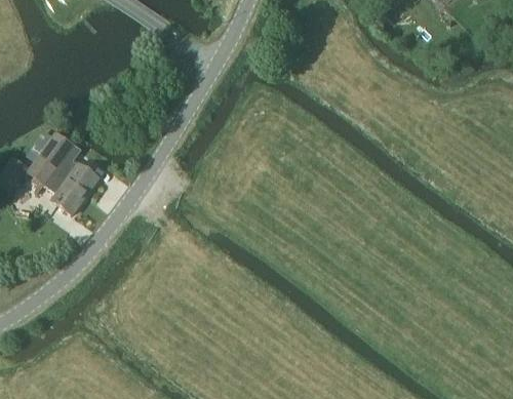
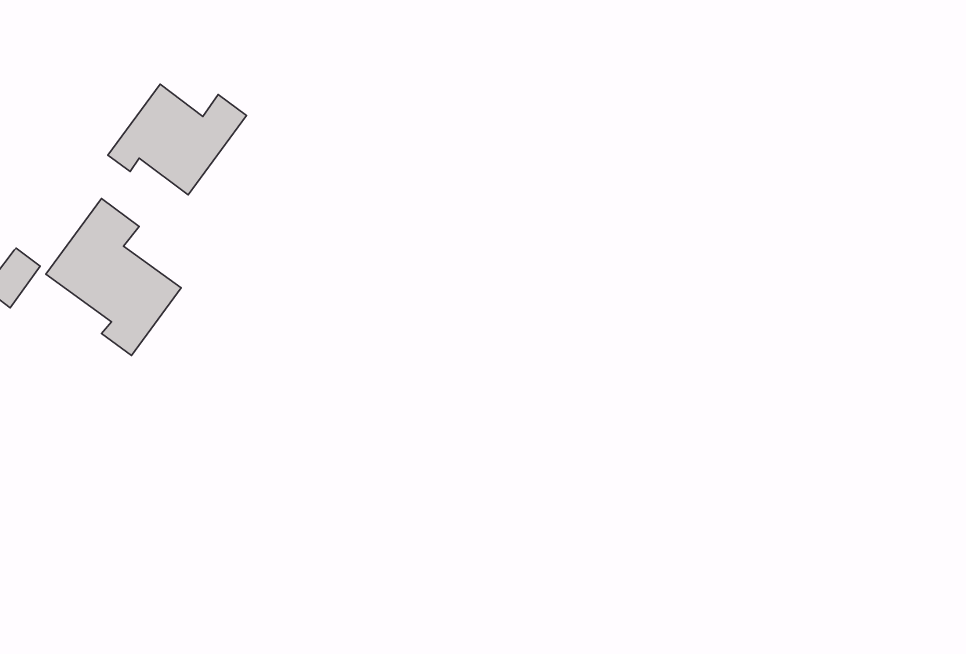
building: none -> [108,84,247,195]

